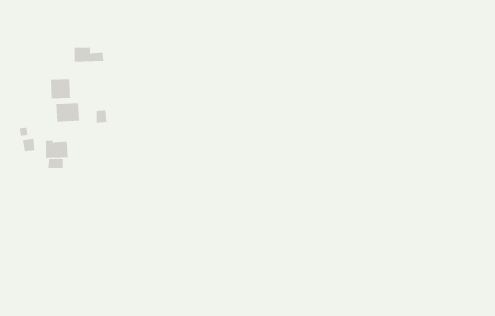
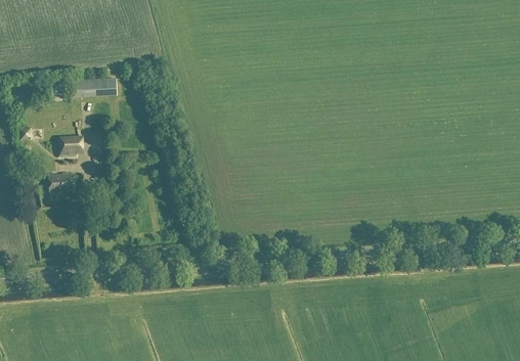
building: [50,79,71,99] -> none

